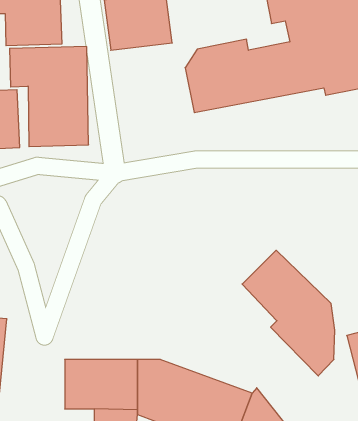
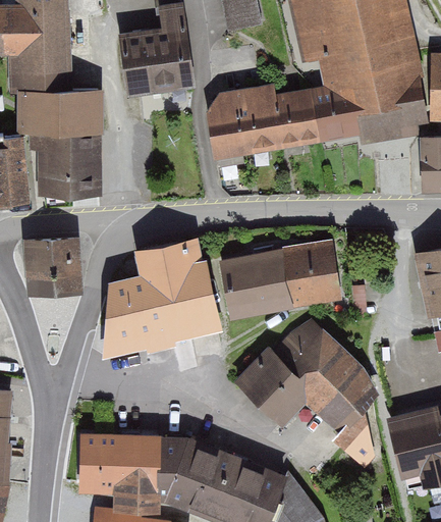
building: none -> [22,234,80,296]
building: none -> [98,238,223,364]
building: none -> [219,241,341,317]
building: none -> [233,349,311,426]

